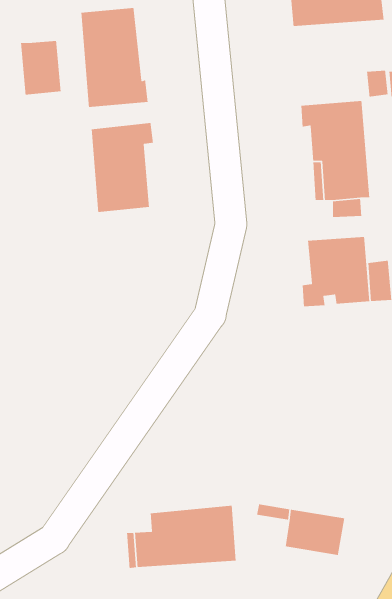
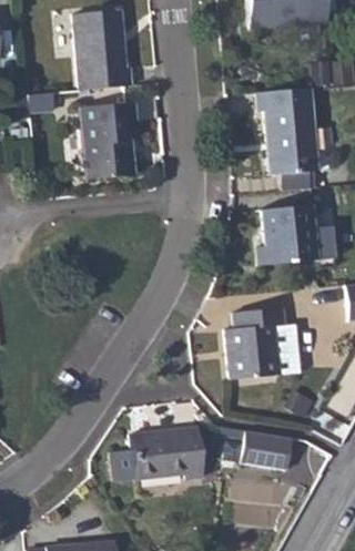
building: [20,40,61,95] -> none
building: none -> [227,305,305,380]

